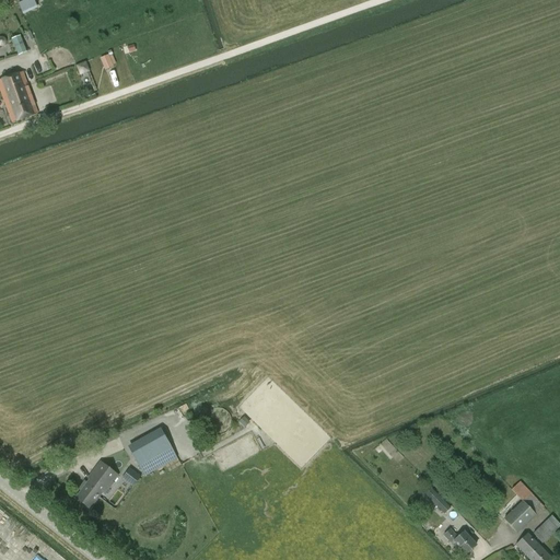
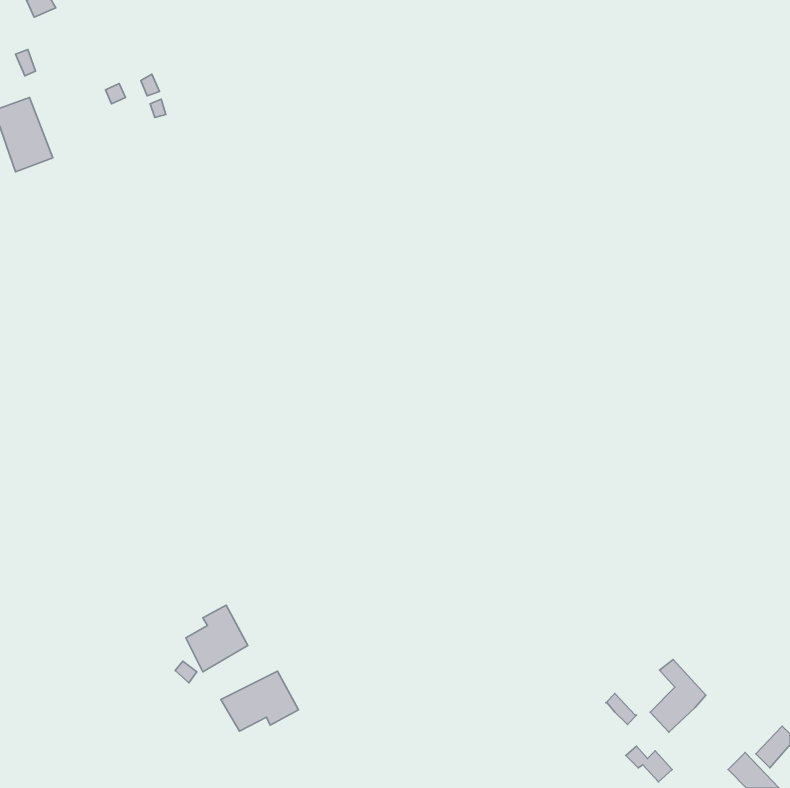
building: [74,460,117,508] -> none
building: none -> [221,671,298,731]
building: [503,480,542,532] -> [650,659,706,732]

